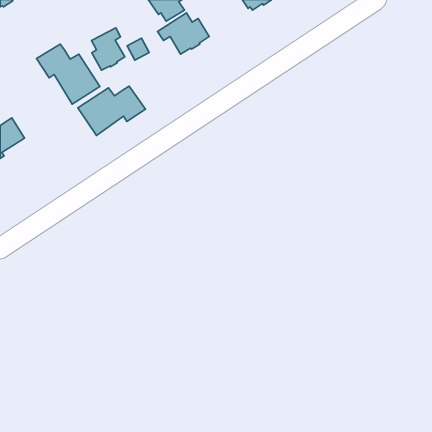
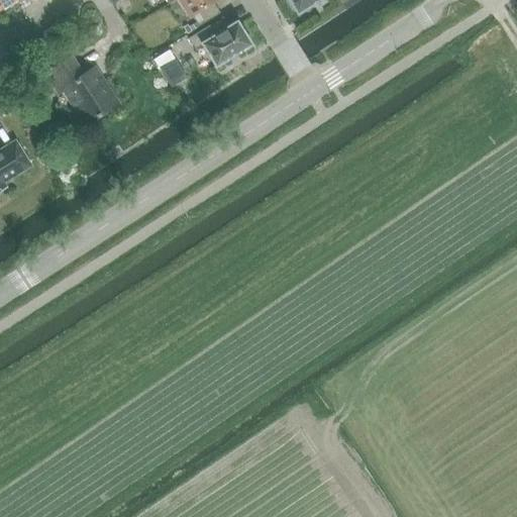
building: [91,28,125,70] -> none
building: [78,86,145,136] -> none

